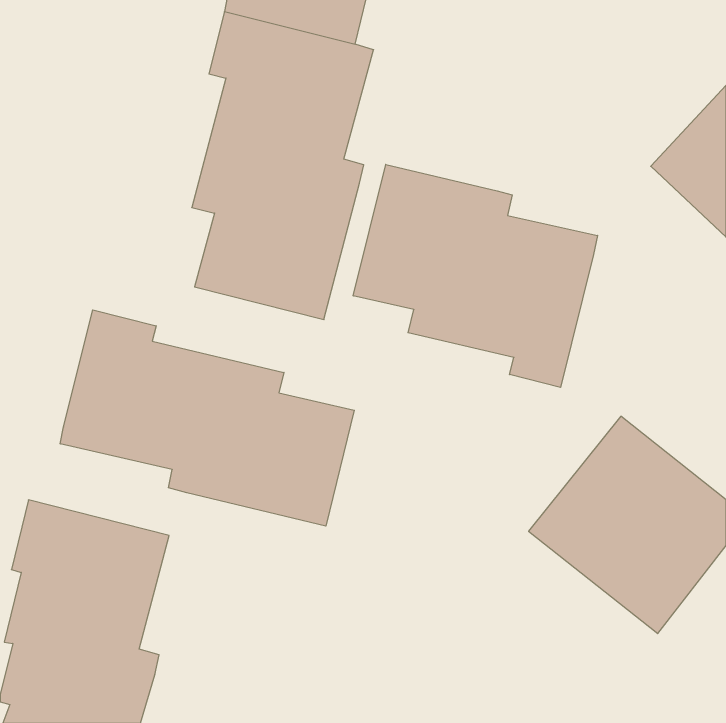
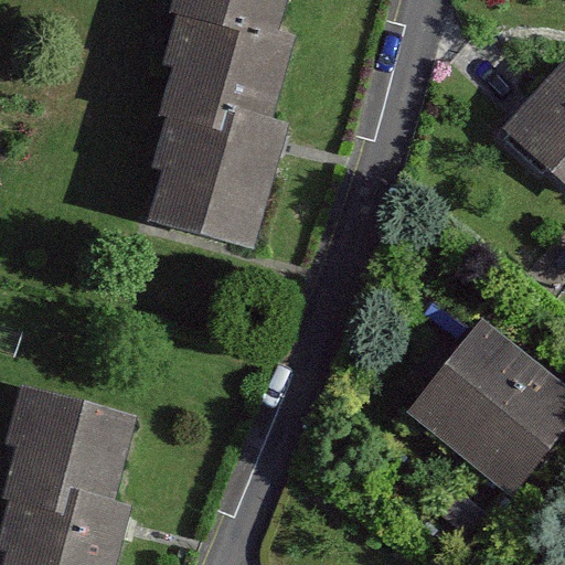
building: [353,164,598,387] -> none
building: [60,310,354,526] -> none

